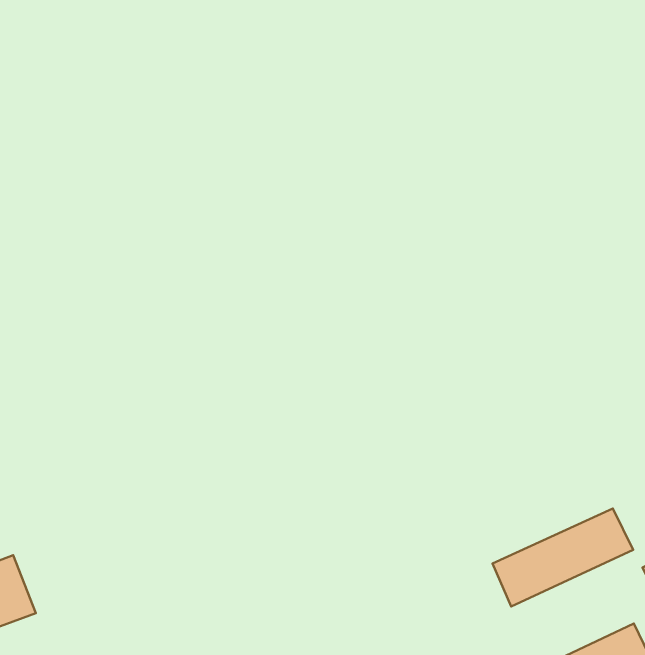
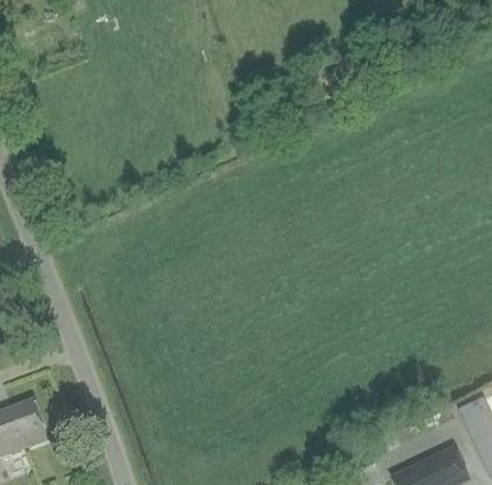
building: [493,509,633,606] -> none

